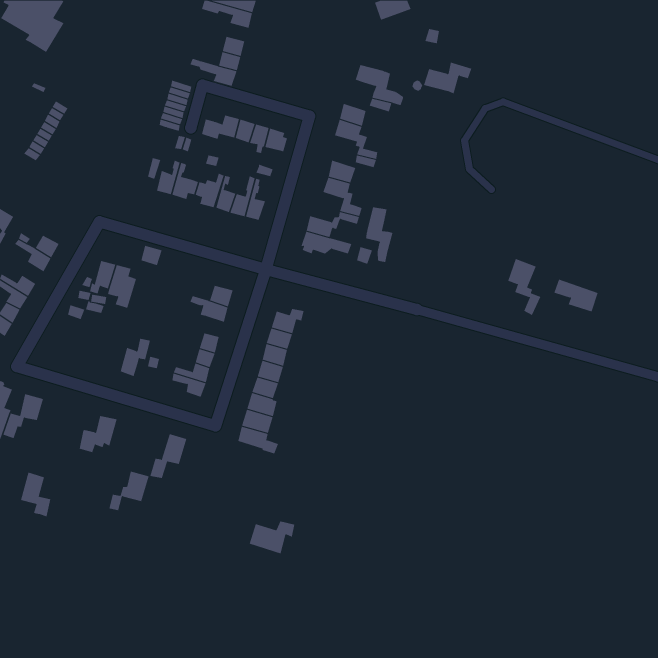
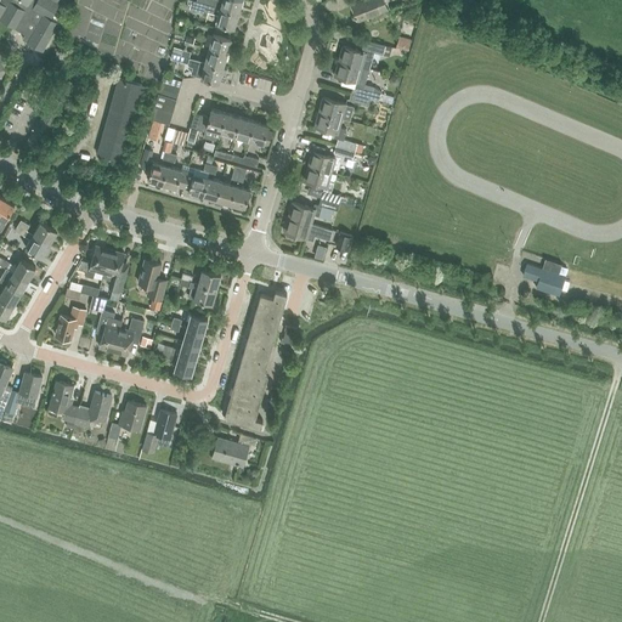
building: [423,62,472,94] -> [339,40,385,70]
building: none -> [96,79,141,162]
building: [366,207,393,263] -> none
building: [507,258,541,316] -> none
building: none -> [137,260,165,299]
building: none -> [53,306,85,340]
building: none -> [96,311,120,351]
building: [108,471,150,511] -> [107,401,146,439]
building: [20,472,51,517] -> [49,381,78,424]
building: [249,521,295,554] -> [211,435,255,466]

